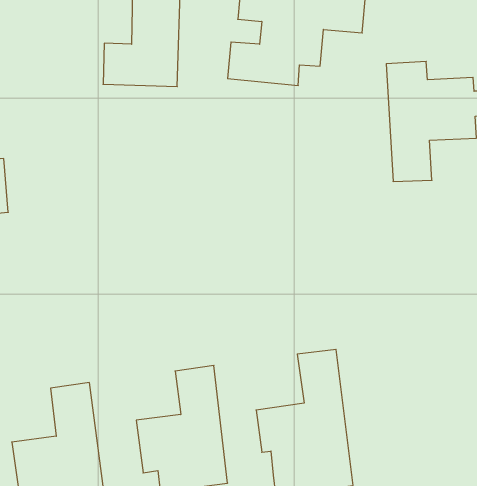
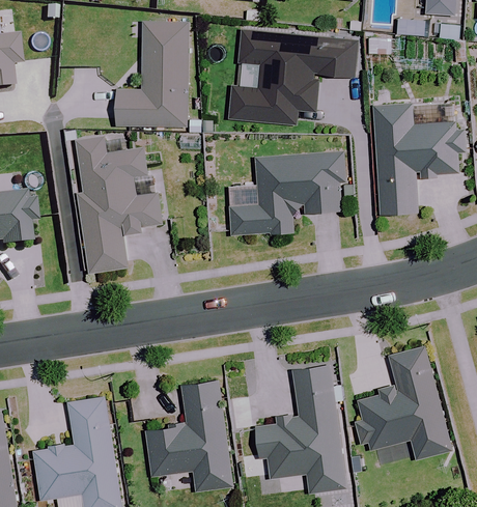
building: none -> [75,137,162,272]
building: none -> [232,152,342,234]
building: none -> [356,346,450,464]

